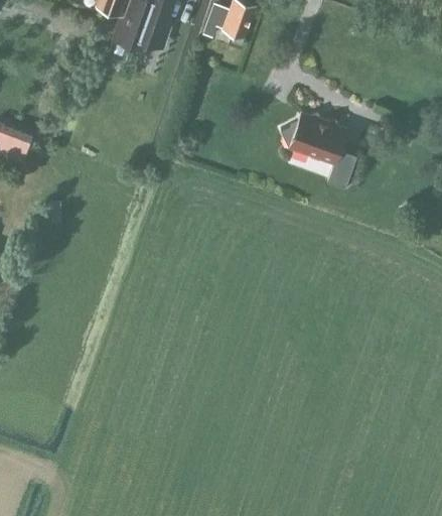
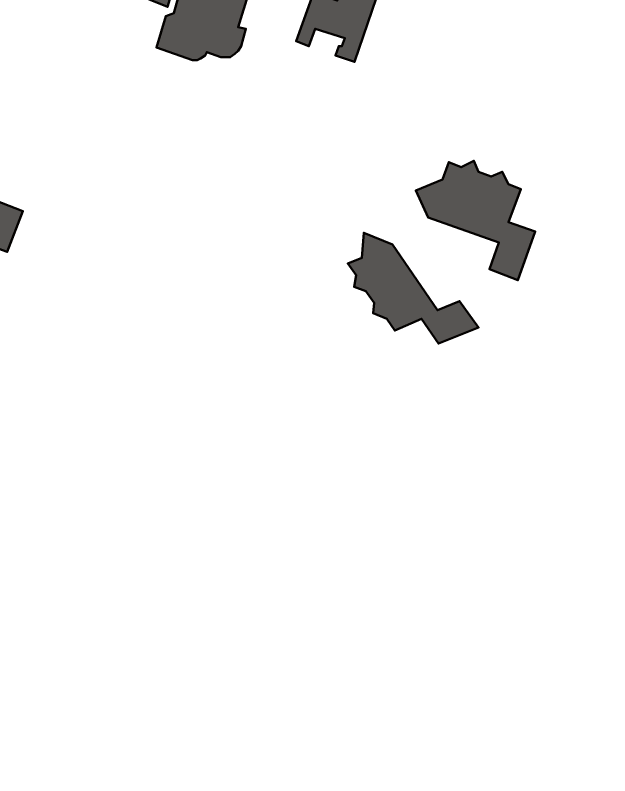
building: none -> [348,233,478,344]

